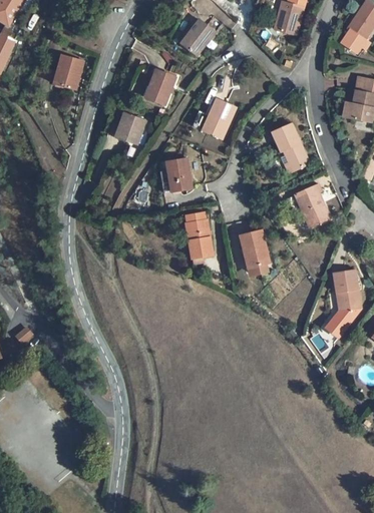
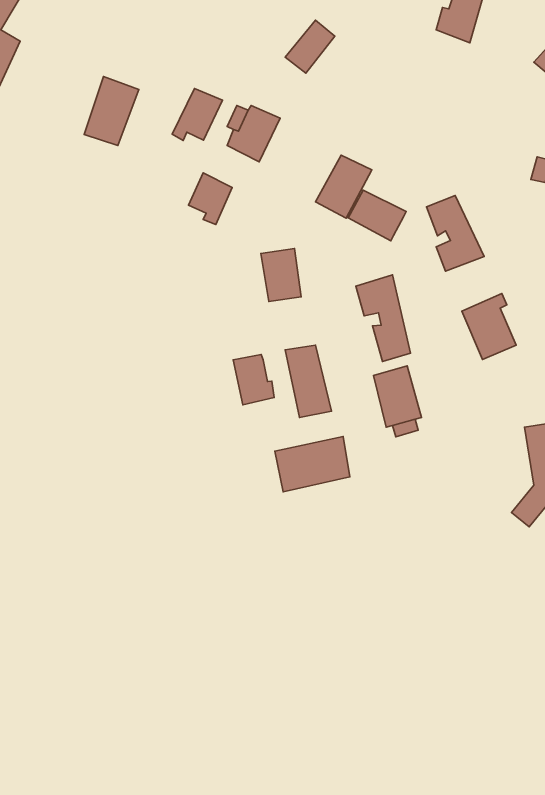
building: none -> [172,88,223,141]
building: none -> [348,190,406,241]
building: none -> [356,275,410,361]
building: none -> [233,355,274,405]
building: none -> [275,437,350,492]

